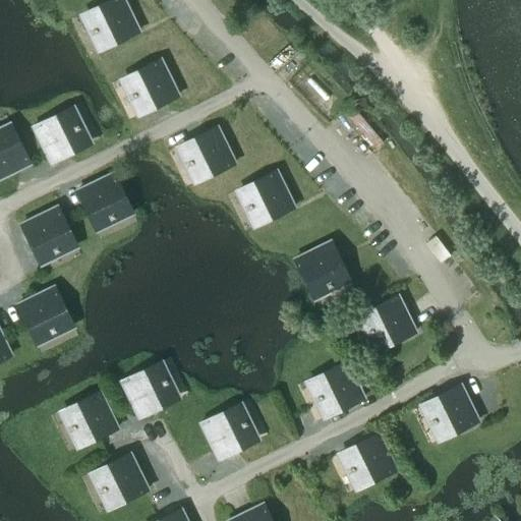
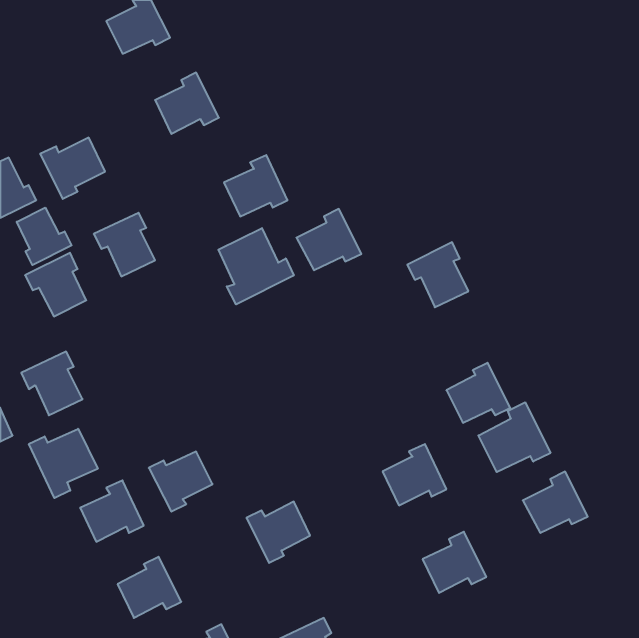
building: none -> [17,208,72,265]
building: none -> [218,228,294,304]
building: [294,241,344,294] -> [407,242,468,307]
building: none -> [478,402,550,472]
building: none -> [29,429,98,498]

